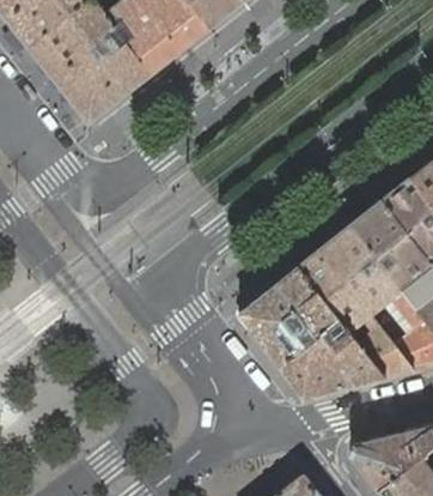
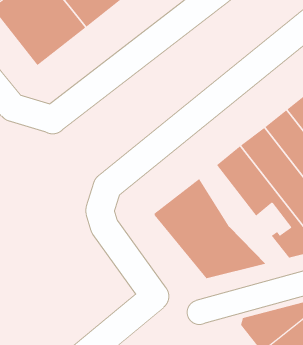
building: [298,249,413,376] -> none

